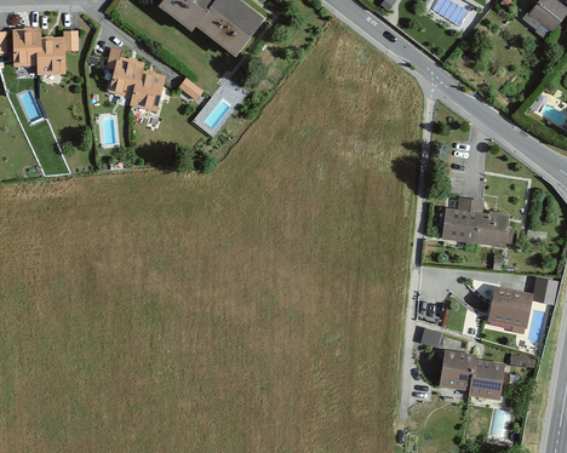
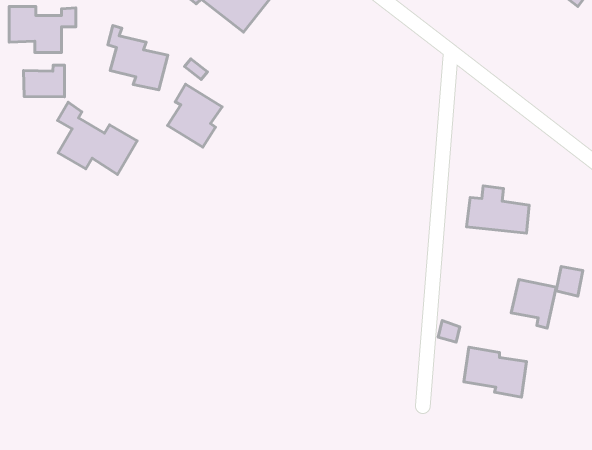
building: none -> [24,65,65,97]
building: none -> [168,84,222,147]
building: none -> [58,102,137,174]

